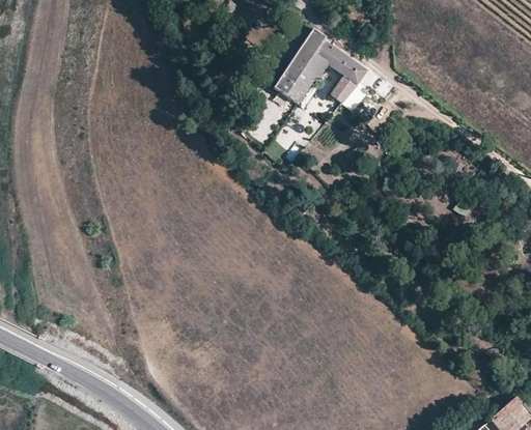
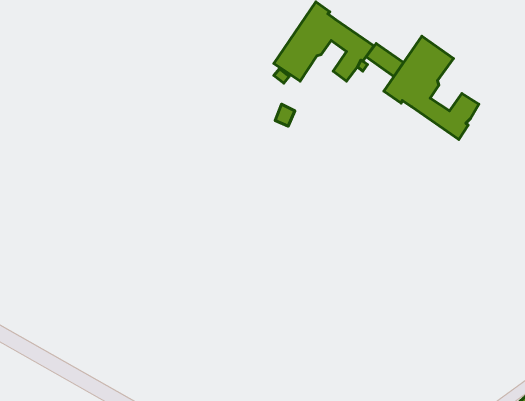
building: none -> [384,36,479,139]

